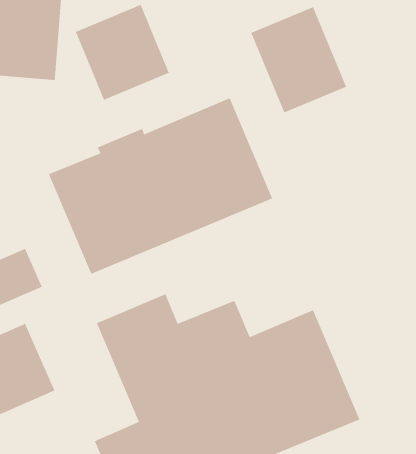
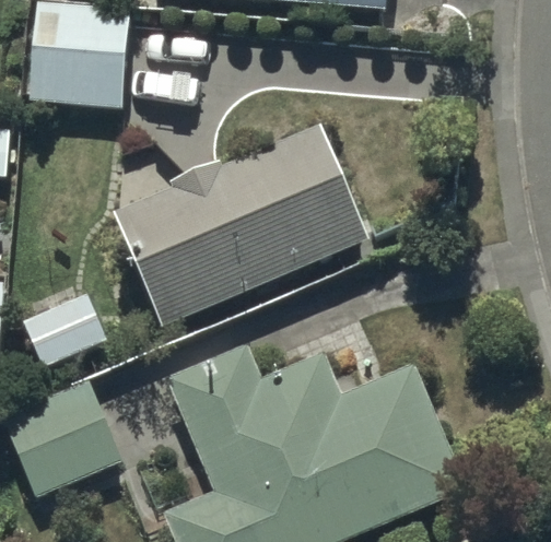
building: [75,4,170,101] -> none
building: [250,6,347,114] -> none

